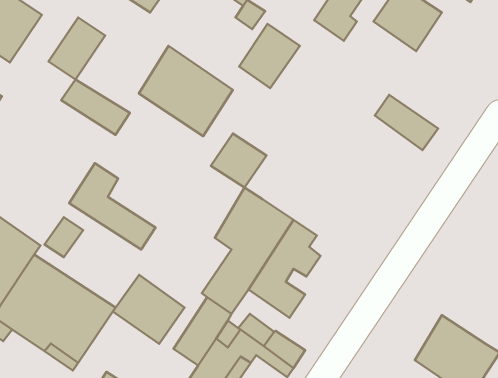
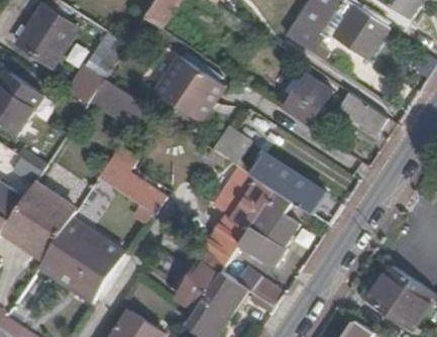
building: [239,24,300,88] -> [287,76,334,126]
building: none -> [248,154,322,214]
building: [113,275,184,344] -> none

